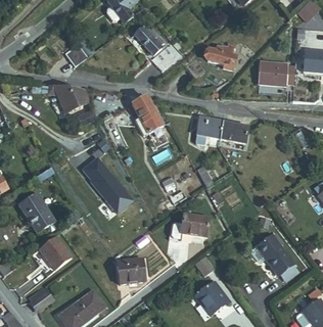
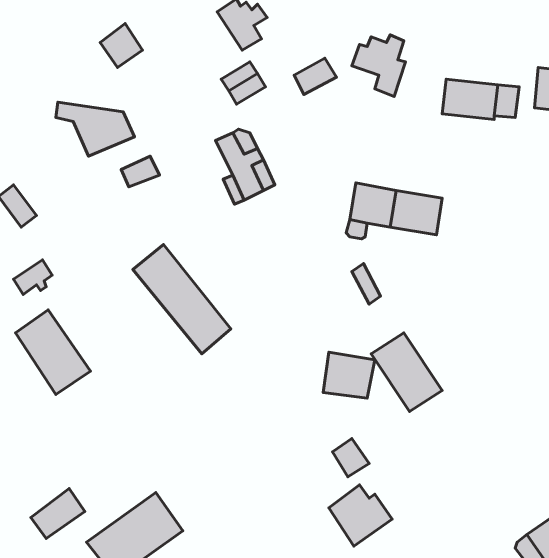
building: [261,233,298,275] -> [371,333,442,412]
building: [43,235,77,269] -> none
building: [121,255,148,283] -> none

